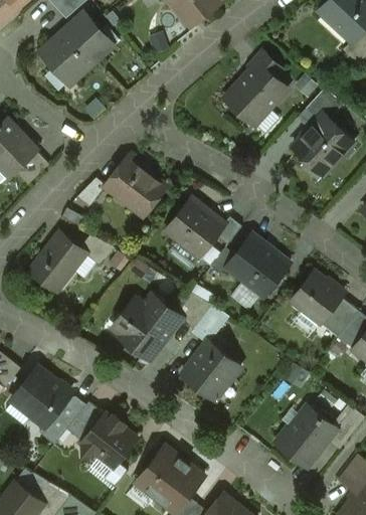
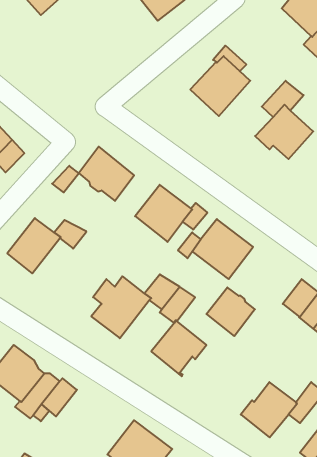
building: [40,14,112,82] -> none
building: [292,272,343,323] -> [206,287,255,336]
building: [81,412,137,466] -> none

